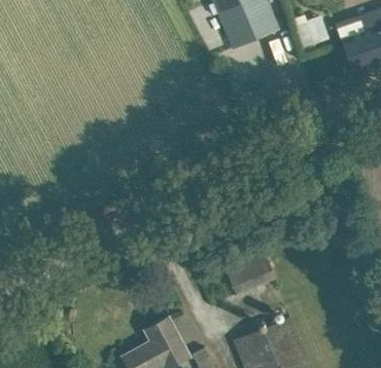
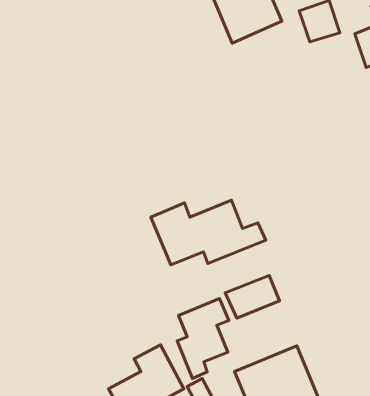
building: none -> [151,200,266,265]
building: none -> [177,298,229,378]

